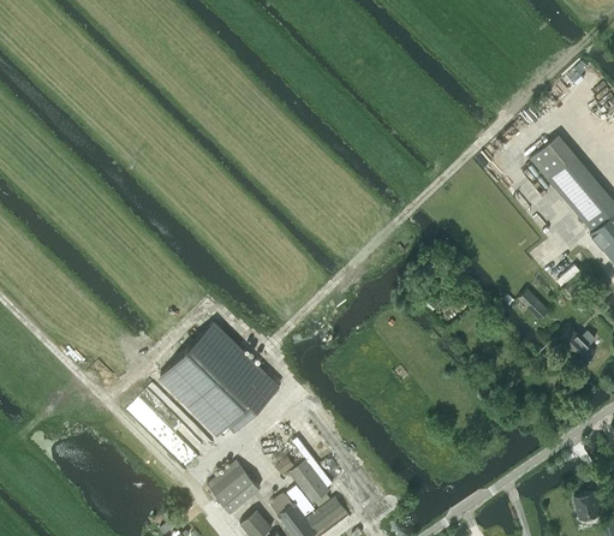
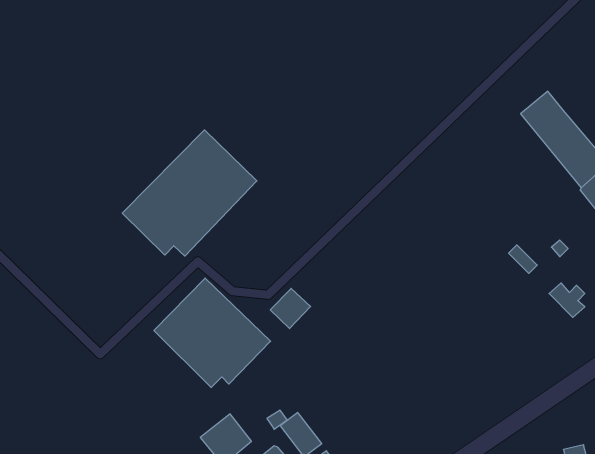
building: none -> [122,130,257,256]
building: none -> [270,288,311,329]

